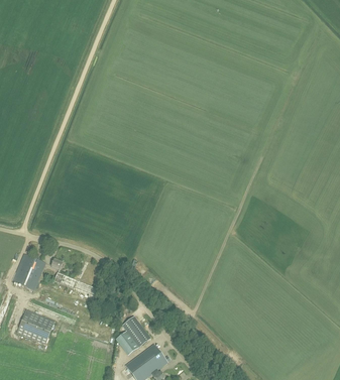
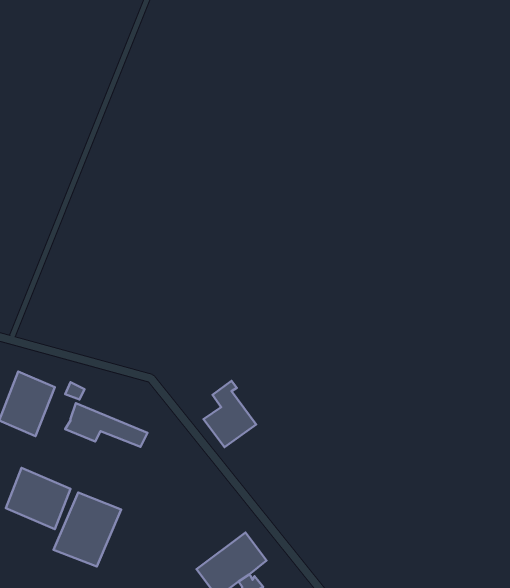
building: [117,314,147,353] -> [204,381,256,447]
building: none -> [54,493,121,567]

